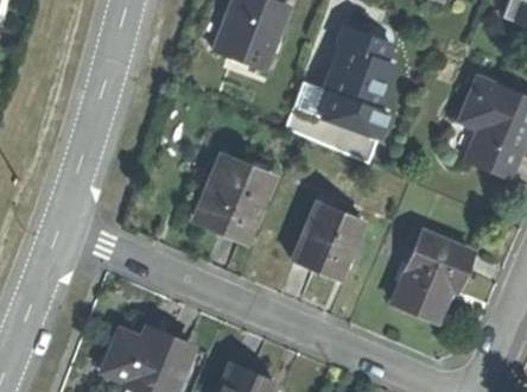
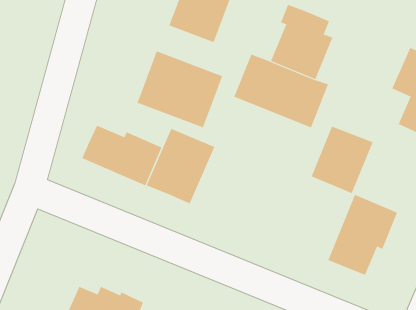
building: none -> [137,51,223,128]
building: none -> [82,125,162,186]
building: [291,206,360,280] -> [311,126,374,194]

